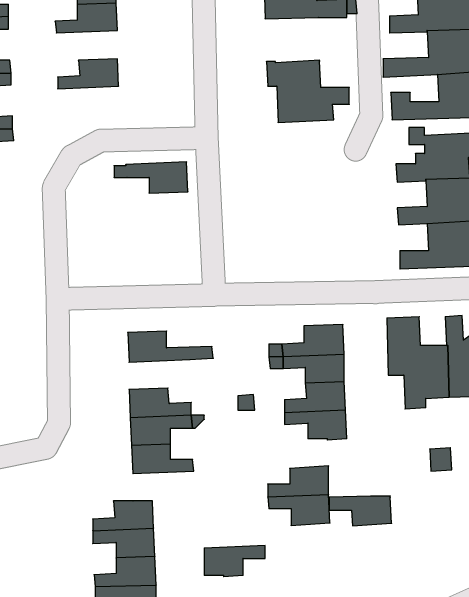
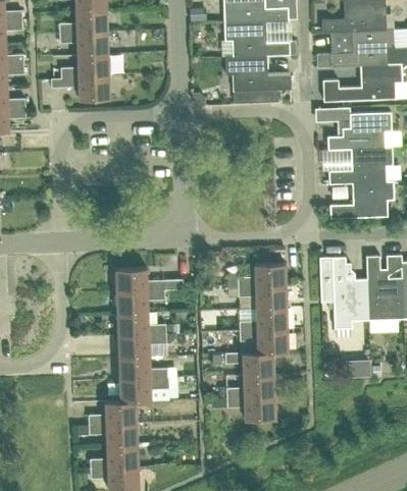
building: none -> [223,20,289,56]
building: none -> [59,31,107,54]
building: [114,162,188,193] -> [51,74,109,99]
building: none -> [116,289,164,313]
building: [329,496,392,526] -> [224,351,273,375]
building: [204,546,265,577] -> [119,377,167,401]

